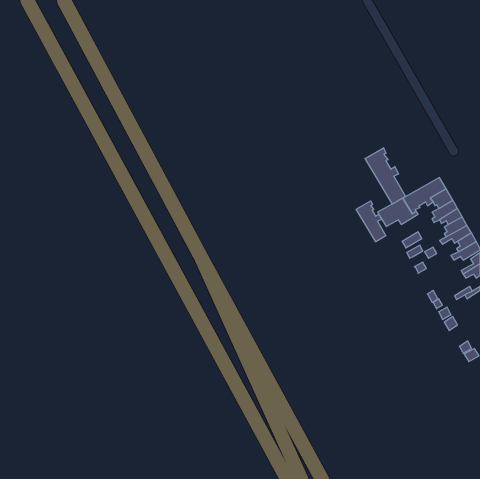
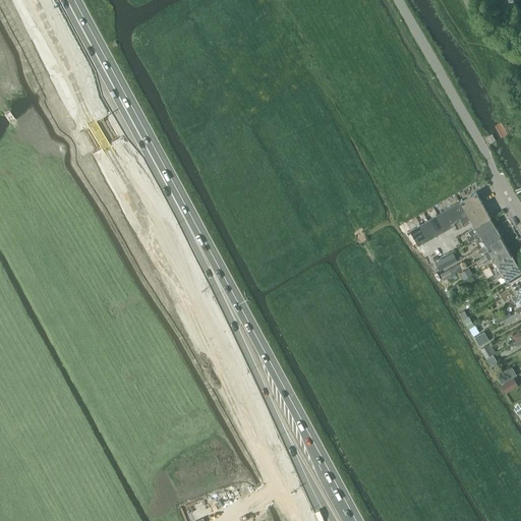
building: [365,148,405,204] -> none
building: [356,201,386,242] -> none

